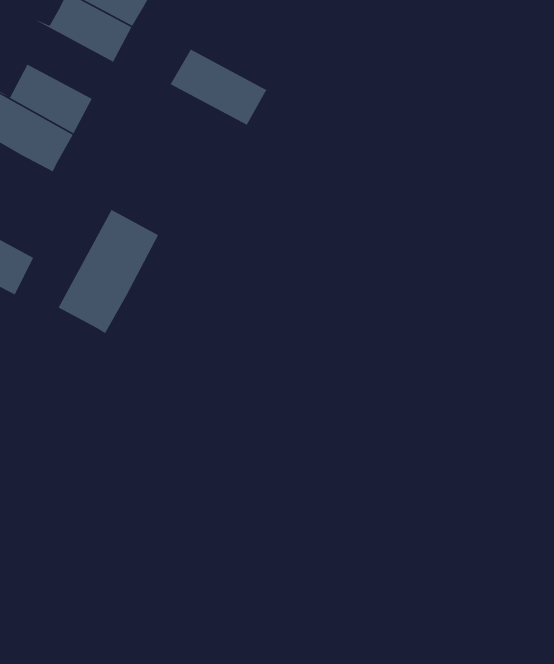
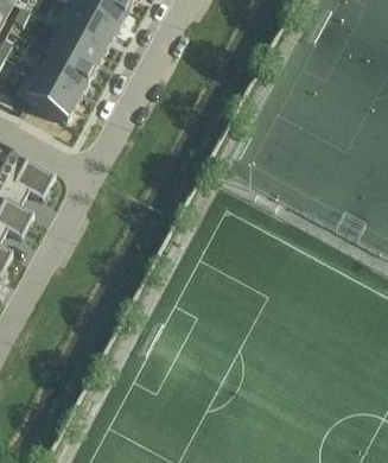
building: [170,48,268,126] -> [42,26,103,75]
building: [58,209,159,334] -> none

